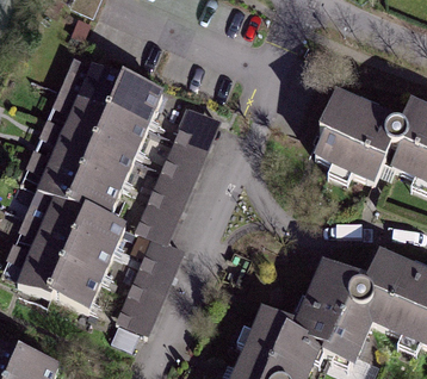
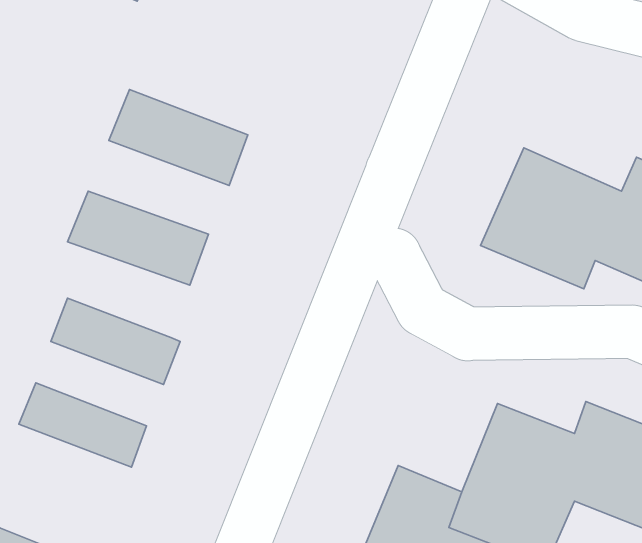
building: [63,97,153,156] -> none
building: [112,98,222,341] -> none
building: [37,161,128,222] -> none
building: [30,224,111,278] -> none

